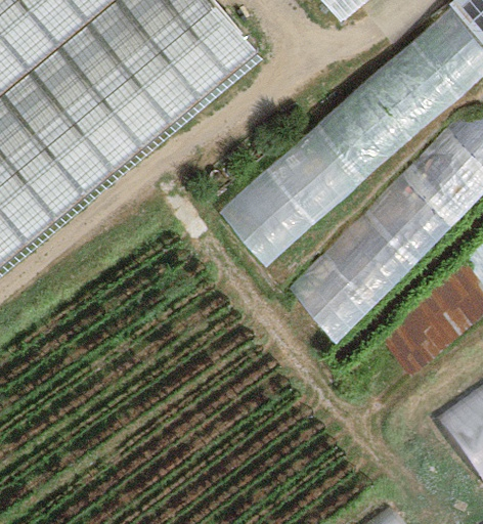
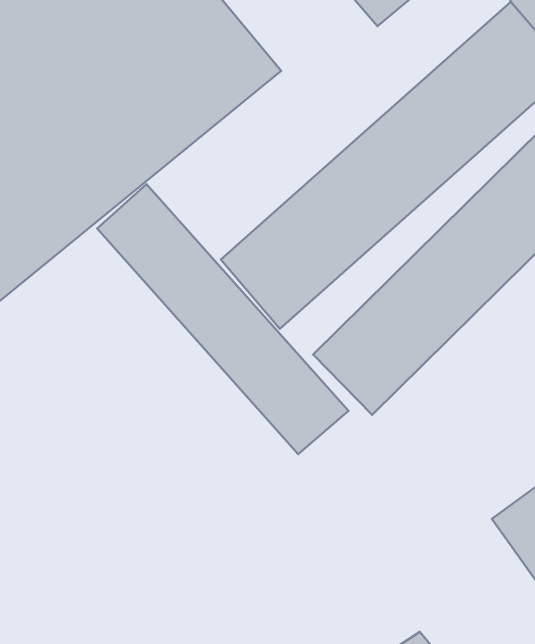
building: none -> [97,184,349,454]

